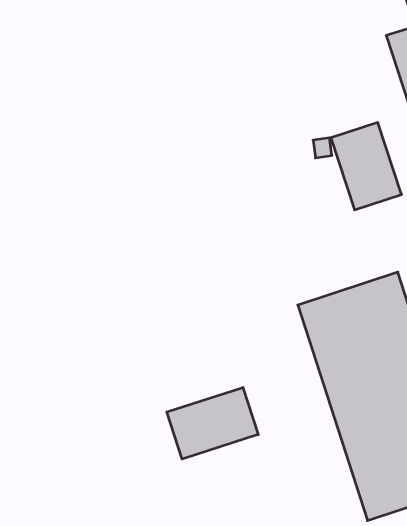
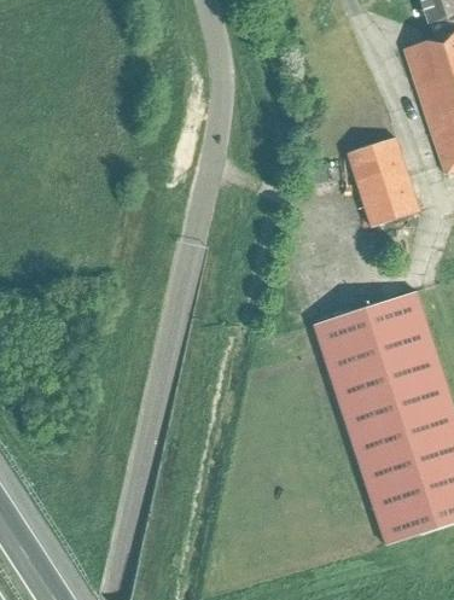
building: [167,387,258,459] -> none

